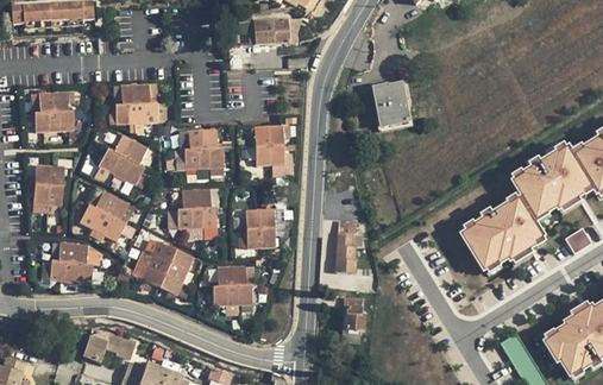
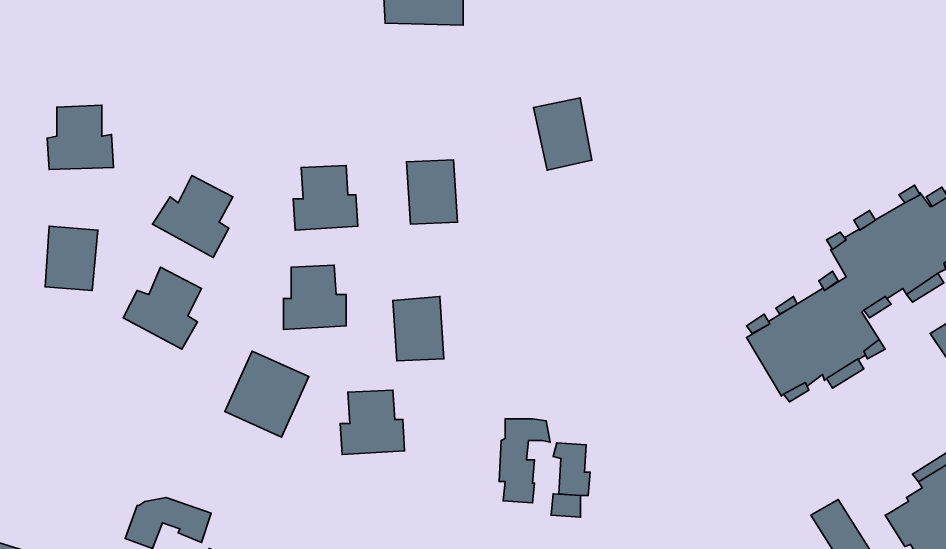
building: [372,82,408,126] -> [533,98,592,170]
building: [117,83,158,124] -> none
building: [335,220,366,271] -> [499,419,550,503]
building: [51,242,93,283] -> none

